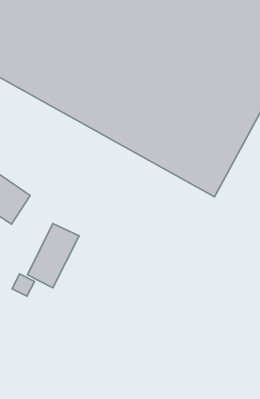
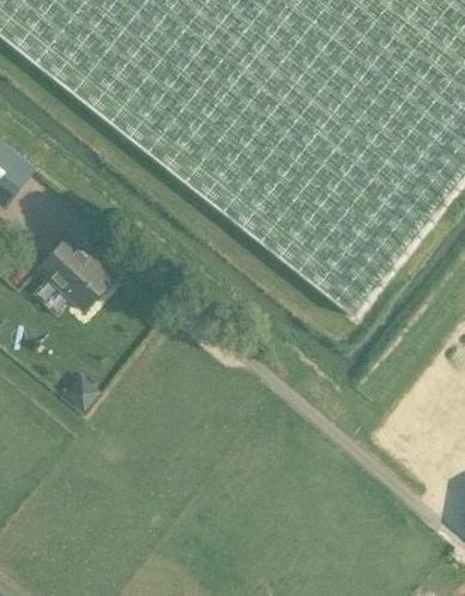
building: [27,224,79,288] -> none

